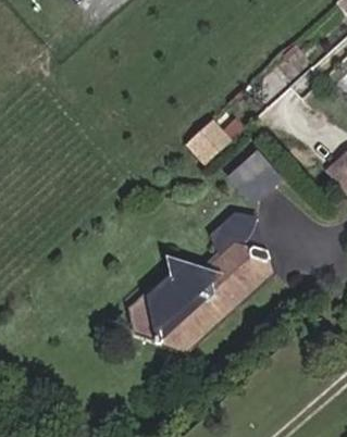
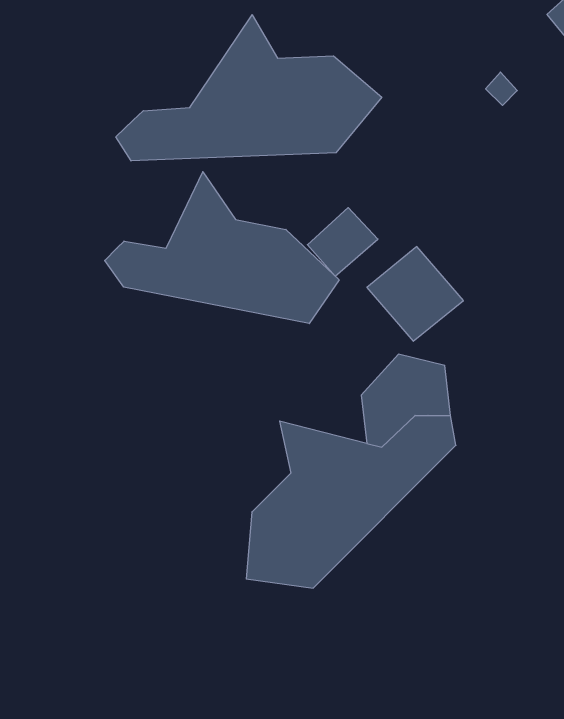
building: none -> [116,15,382,161]
building: none -> [105,172,339,324]

